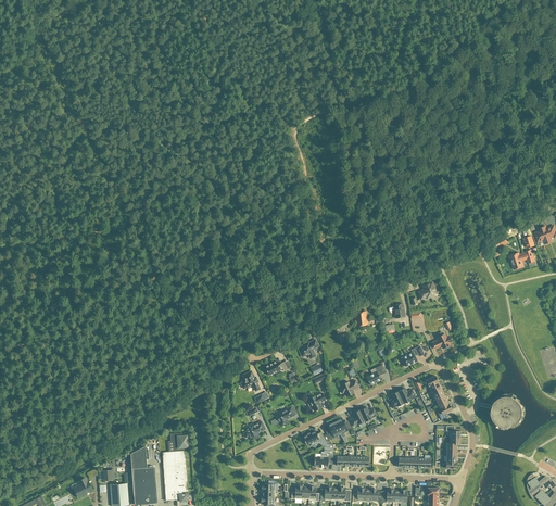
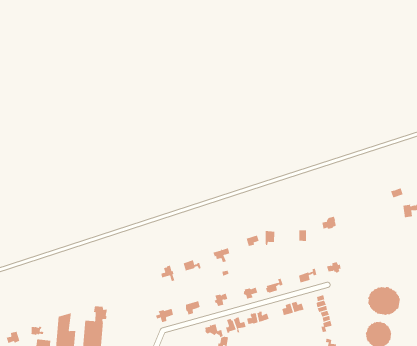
building: none -> [367,286,401,316]

